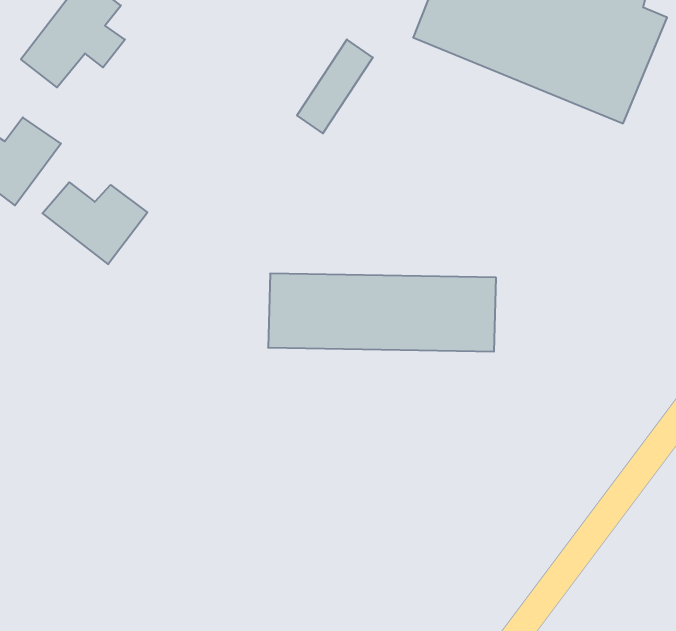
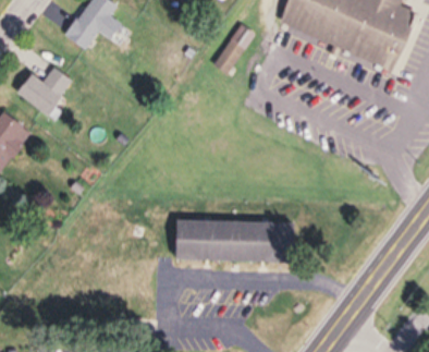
building: [42,182,147,264] -> none
building: [268,274,496,352] -> [163,221,287,264]

